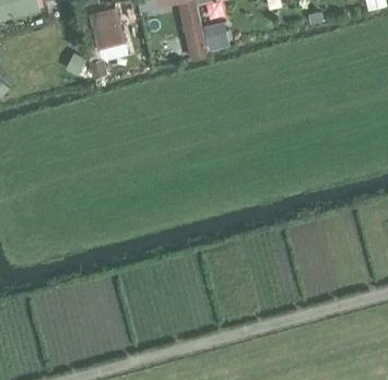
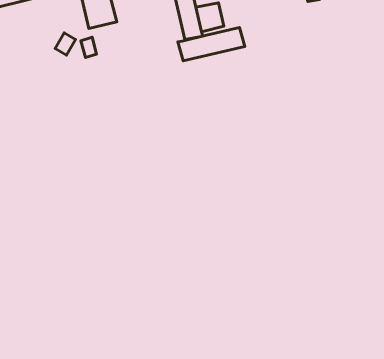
building: none -> [178,28,245,61]

